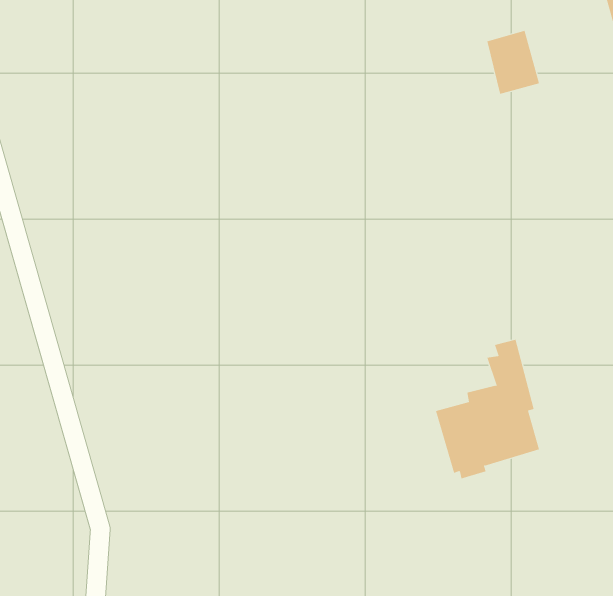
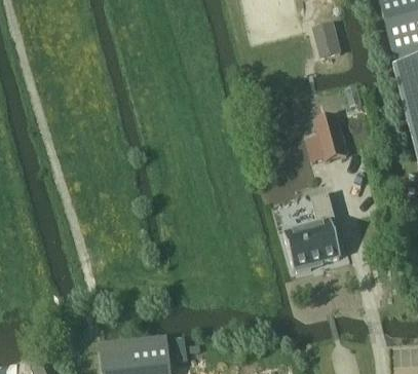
building: none -> [315,112,347,157]

